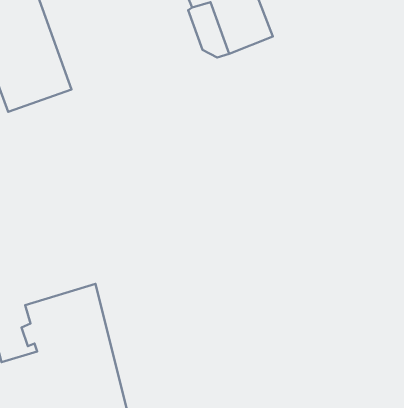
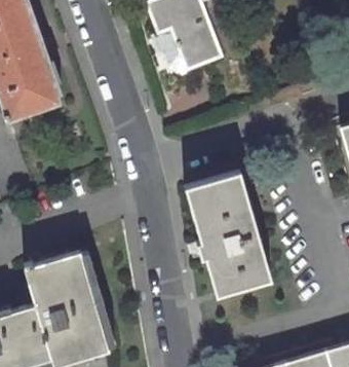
building: none -> [184,172,269,293]

